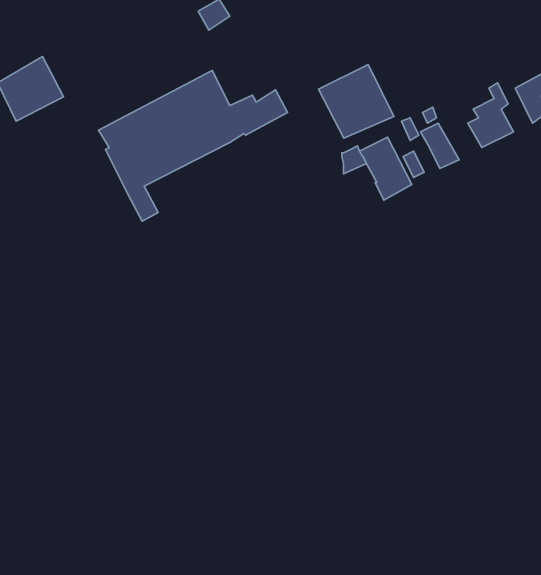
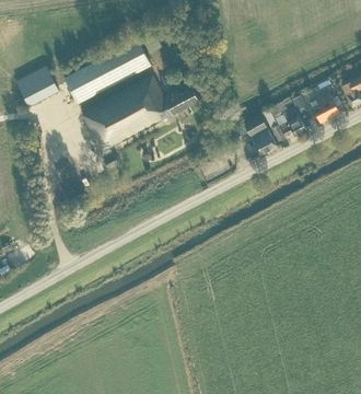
building: none -> [65,40,152,104]
building: [318,64,394,138] -> none

